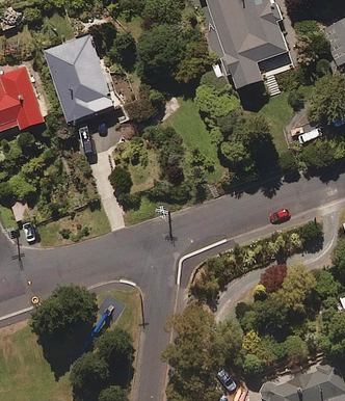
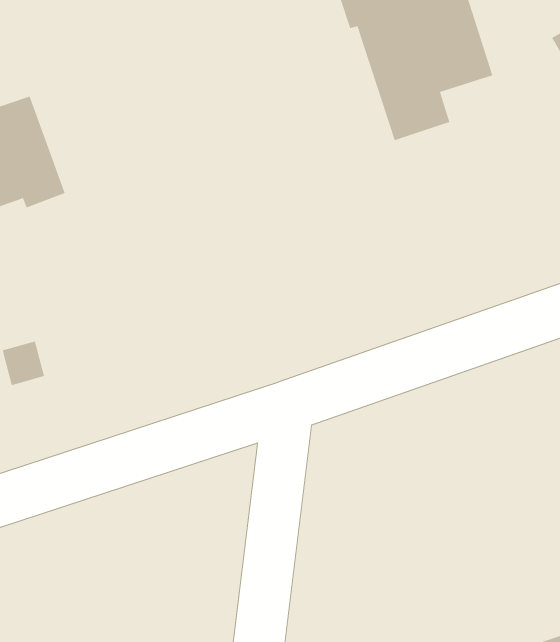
building: [48,33,117,119] -> none

